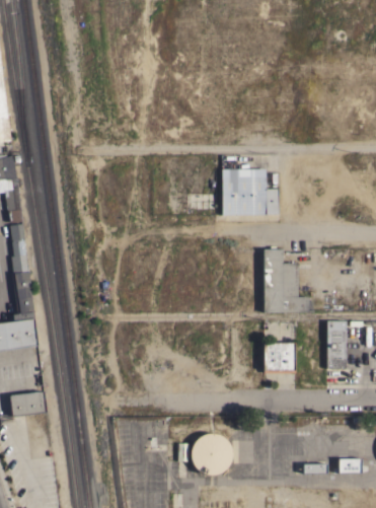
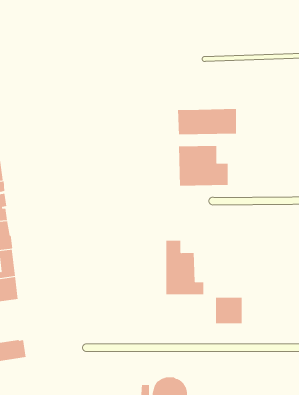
building: none -> [177,108,237,135]
building: [264,248,308,311] -> [165,240,204,295]
building: [326,320,346,368] -> none

